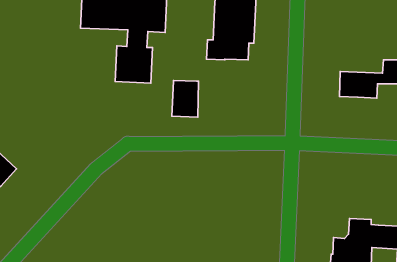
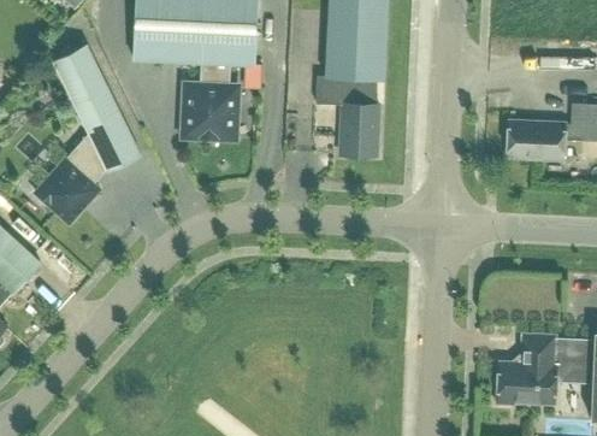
building: none -> [35,45,141,224]
building: [172,80,199,117] -> [339,104,378,157]

